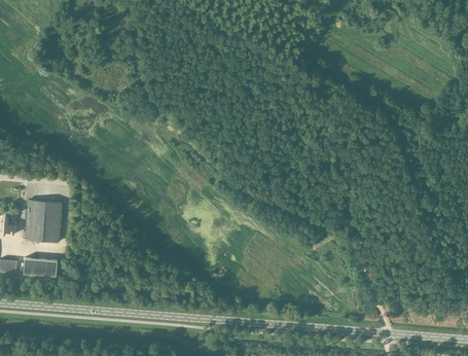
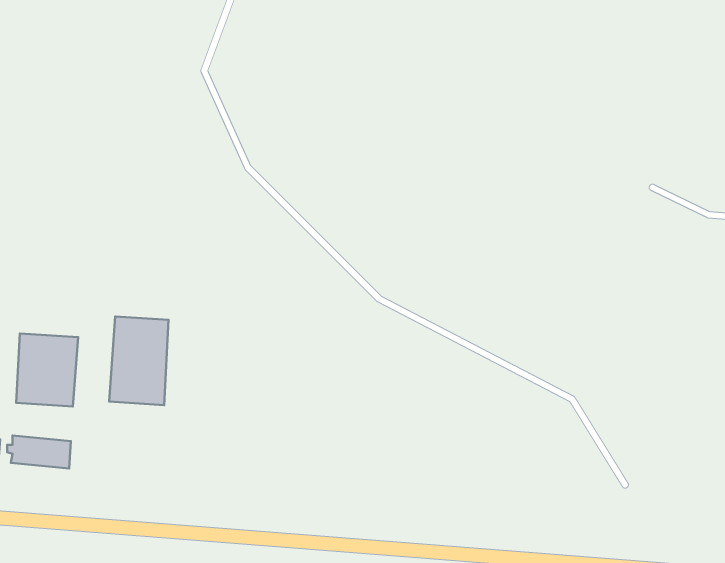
building: none -> [109,316,169,405]

